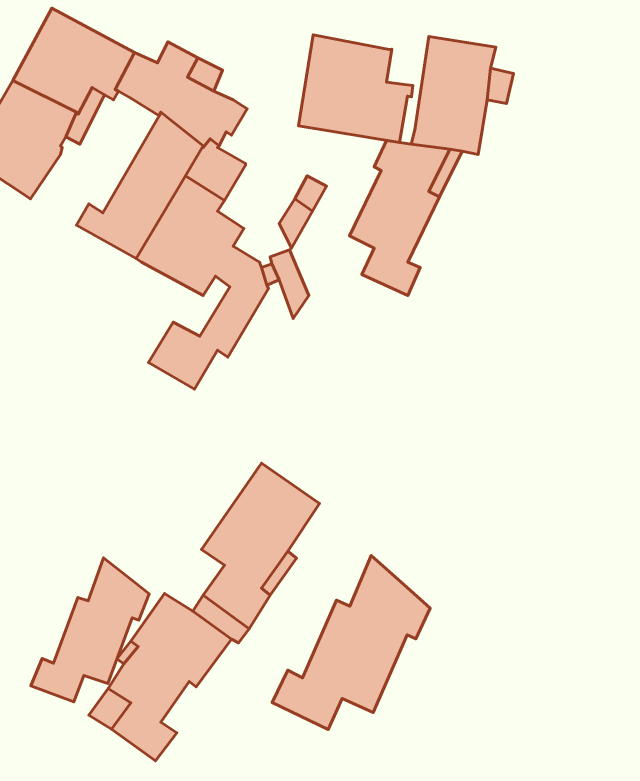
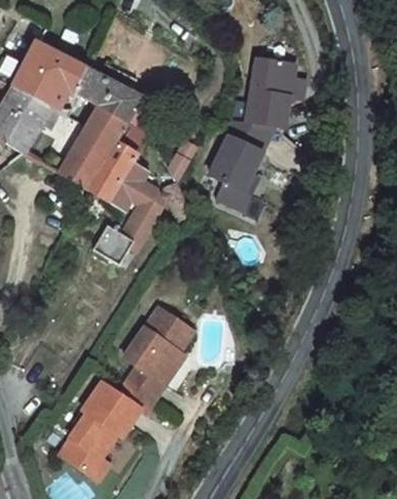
building: [299,35,413,142] -> none
building: [272,555,430,730] -> none
building: [31,558,149,702] -> none

